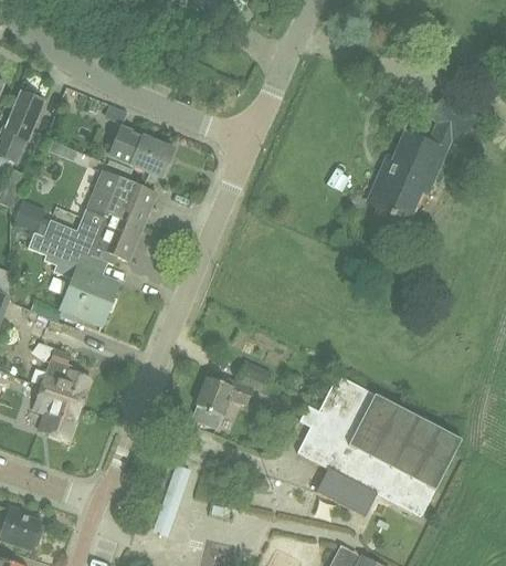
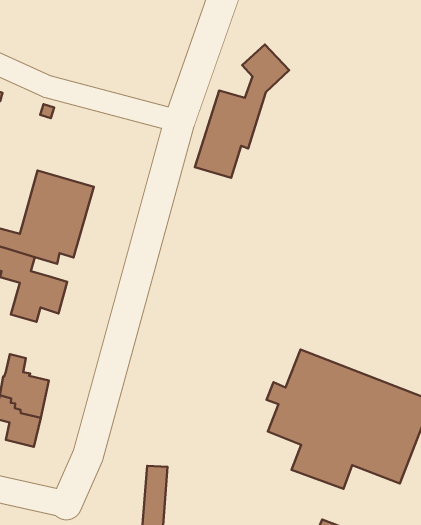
building: [372,92,475,218] -> [195,45,289,178]
building: [109,128,173,177] -> none
building: [192,367,268,429] -> none

